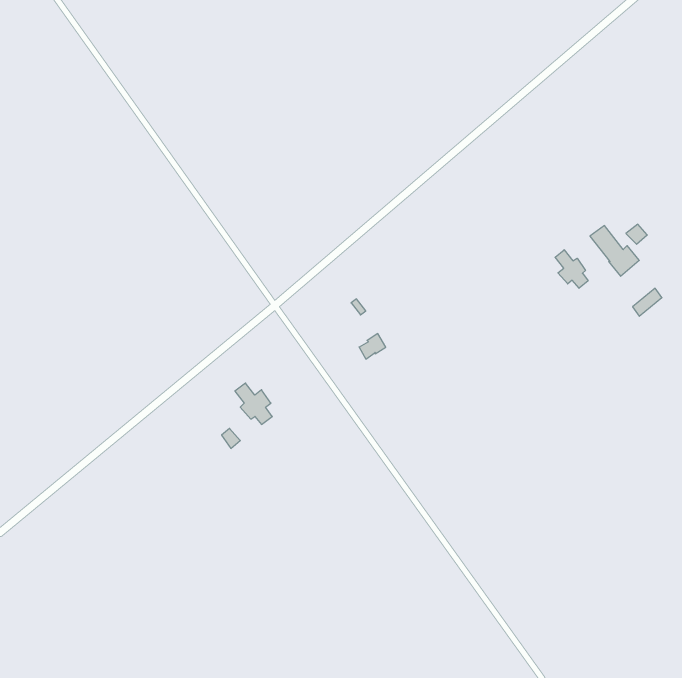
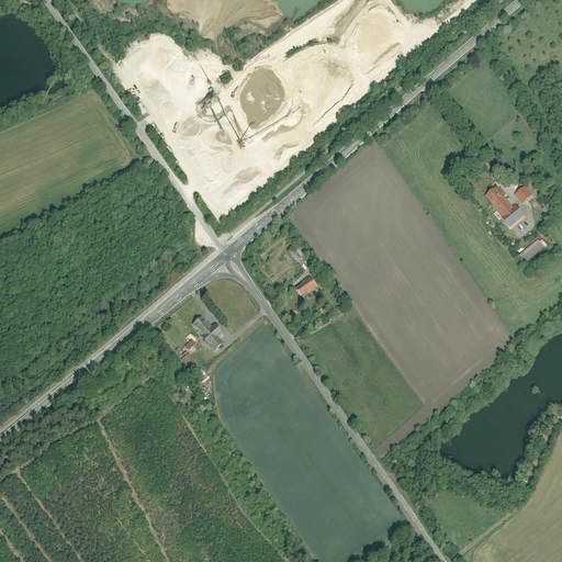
building: [555,250,588,288] -> none

